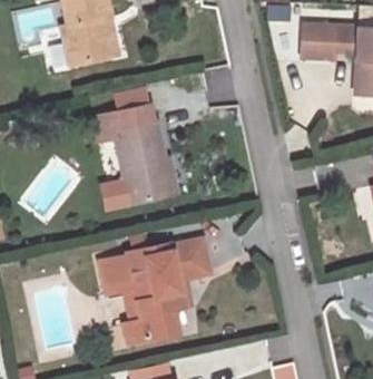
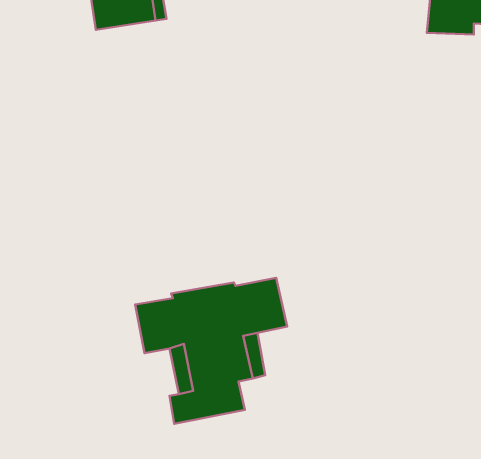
building: [96,99,175,200] -> none

